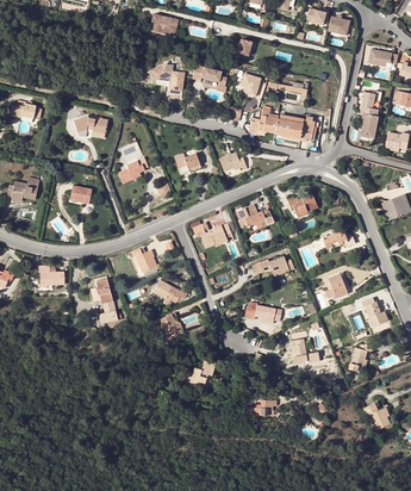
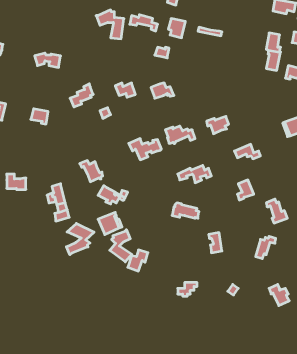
building: [249,114,315,139] -> none
building: none -> [66,223,94,255]
building: none -> [110,230,132,262]

